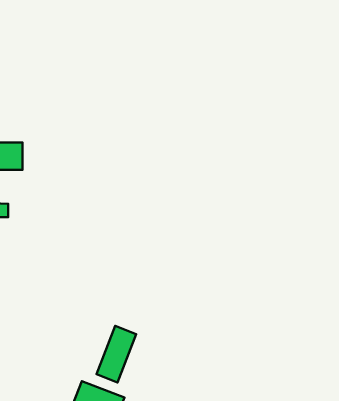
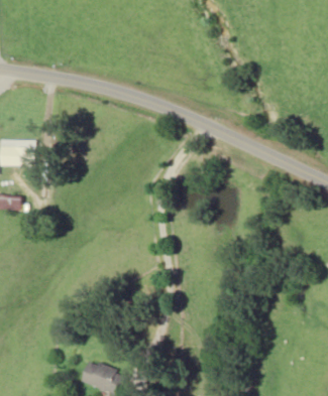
building: [97,326,136,382] -> none

